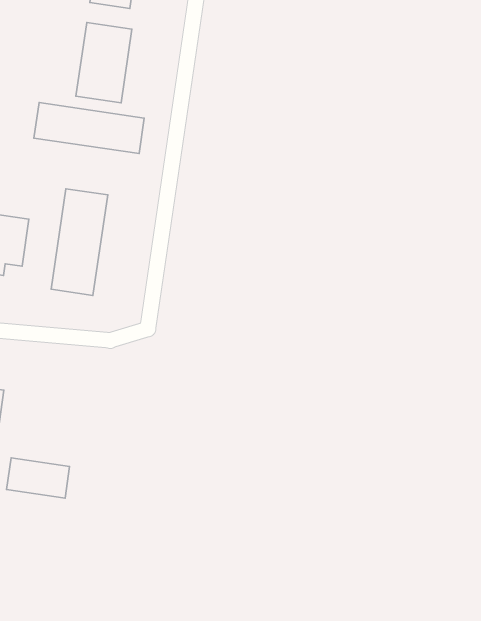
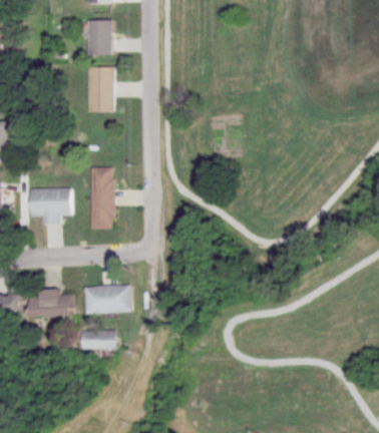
building: [34,103,144,153] -> none
building: none -> [84,286,130,314]

